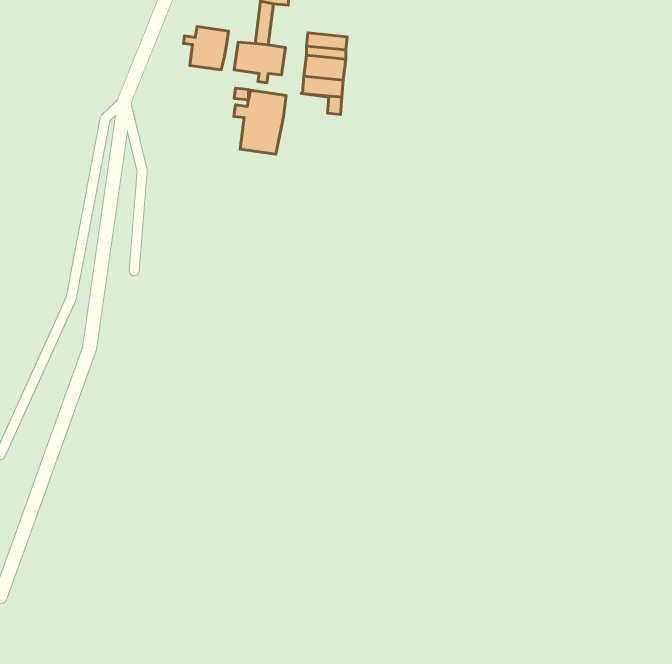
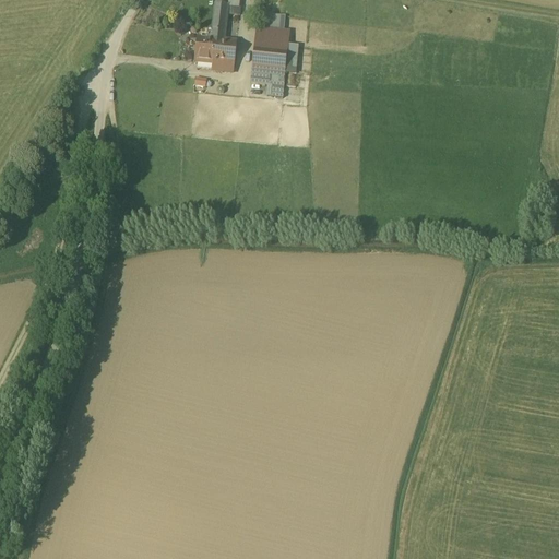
building: [184,27,228,70] -> none
building: [234,90,286,154] -> none

